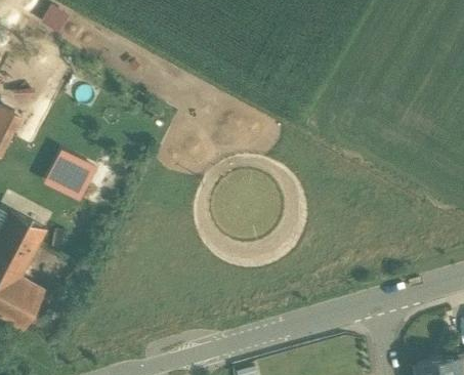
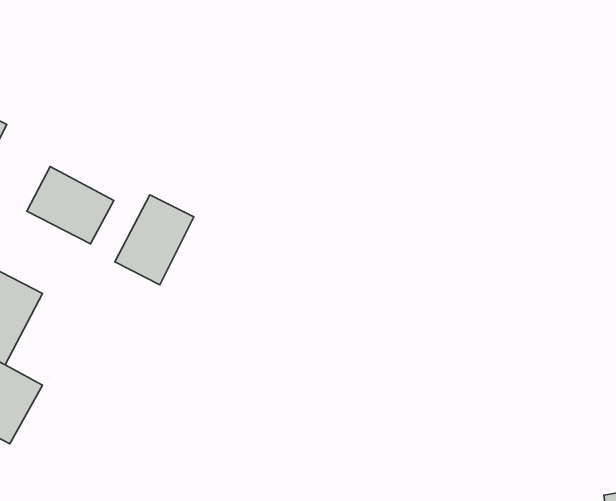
building: none -> [115,195,194,285]

